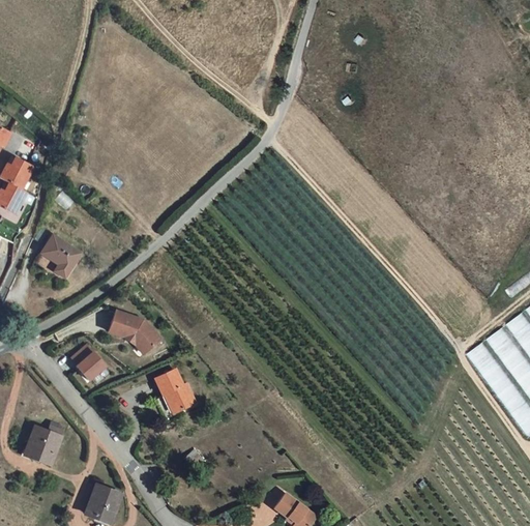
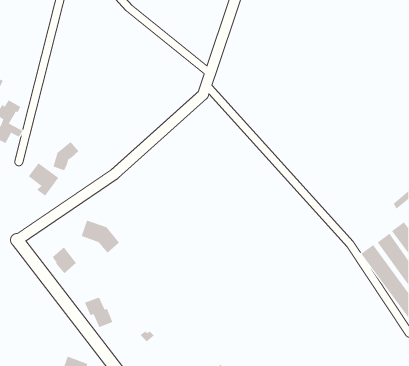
building: none -> [53,141,79,171]
building: [156,374,194,413] -> [84,297,113,328]
building: [25,422,65,465] -> none

